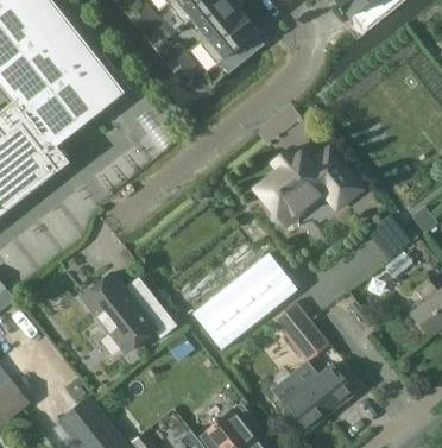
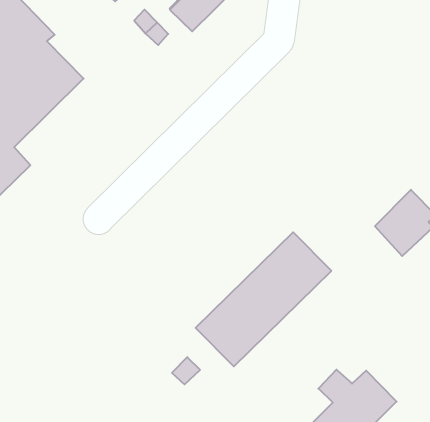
building: [259,154,364,220] -> none
building: [81,272,175,352] -> none
building: [272,301,328,361] -> none

